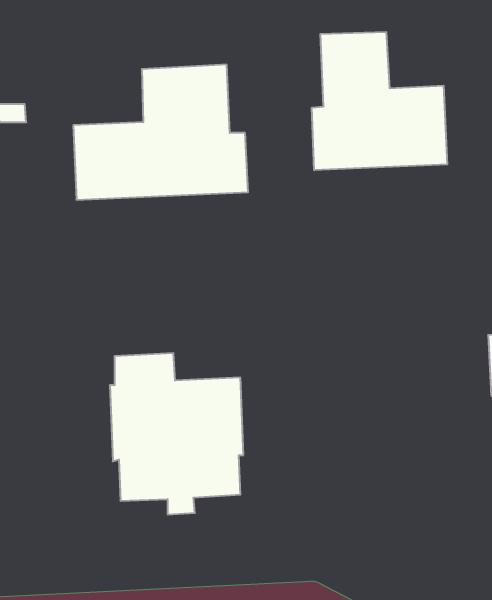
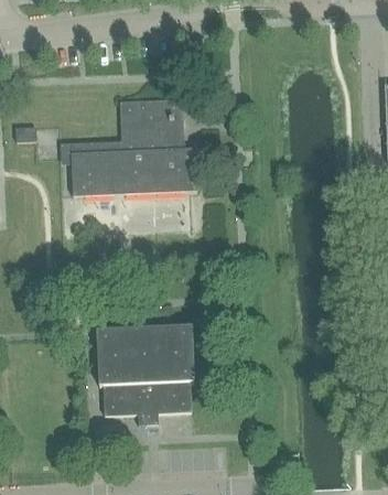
building: [312,32,447,170] -> none

